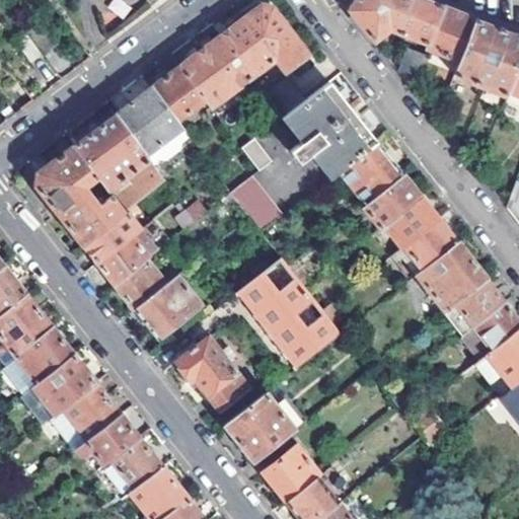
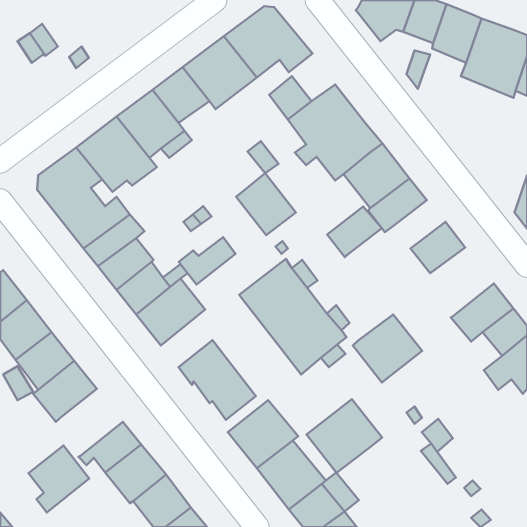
building: [110,164,166,211] -> [179,237,236,285]
building: [384,197,438,246] -> [327,207,382,257]
building: [418,243,486,310] -> [353,315,422,383]
building: [61,382,121,448] -> [28,445,89,512]
building: none -> [306,399,382,473]

